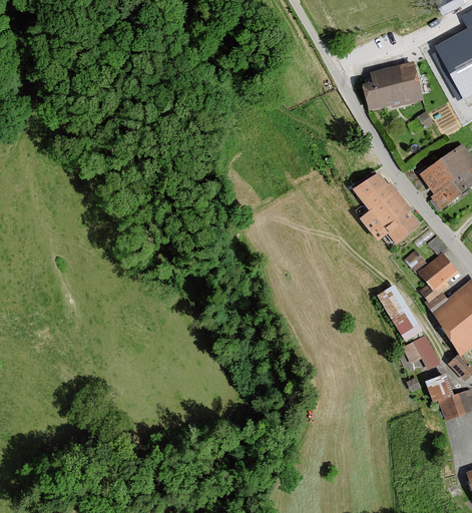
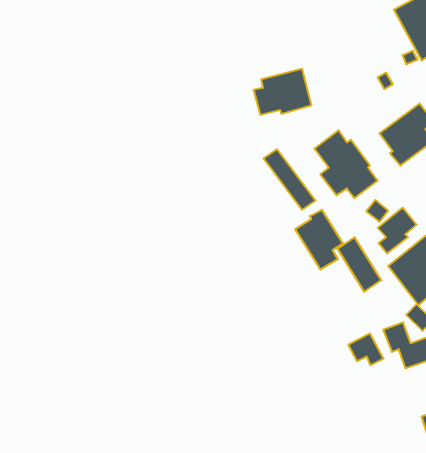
building: [364,60,425,108] -> [253,69,312,115]
building: none -> [264,149,316,210]
building: none -> [295,210,343,270]
building: [403,335,440,368] -> [348,334,384,365]

